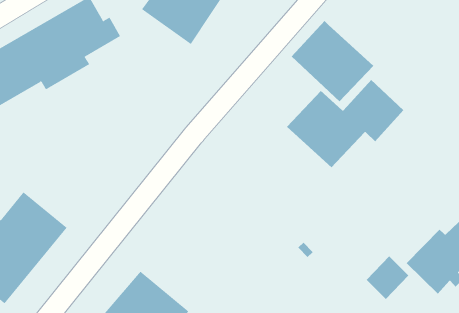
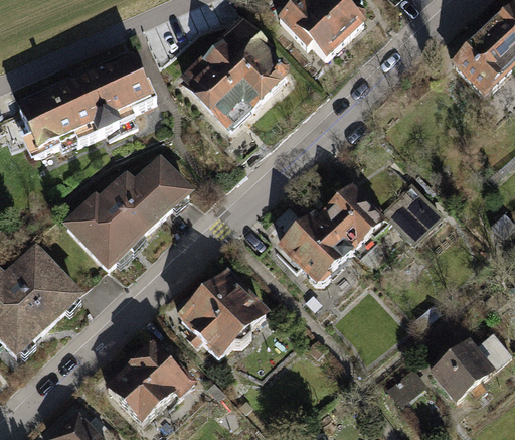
building: [291,20,374,102] -> [276,207,360,294]
building: none -> [67,157,187,264]
building: none -> [179,270,276,365]

